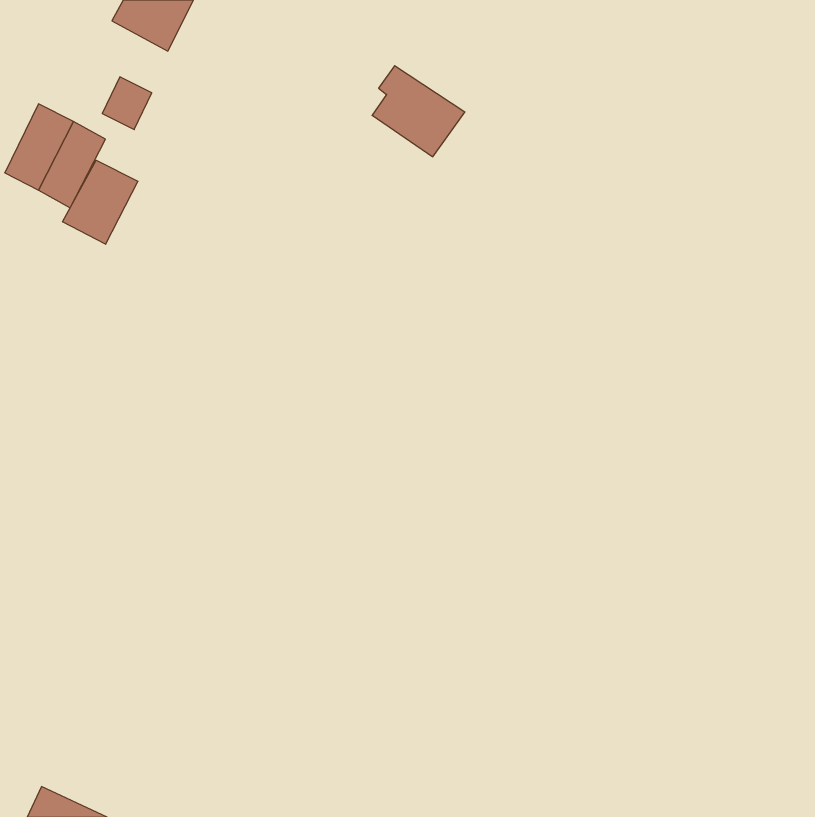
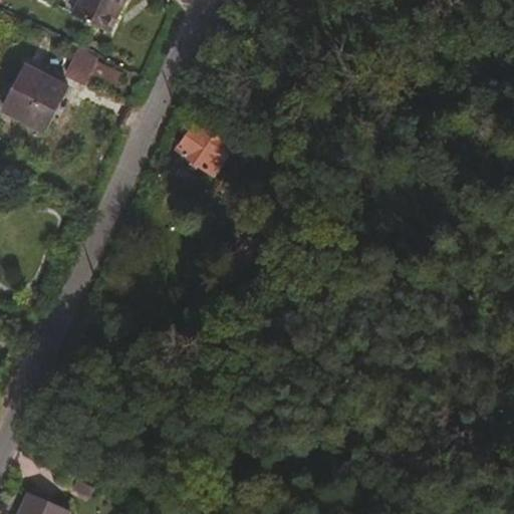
building: [372,66,465,157] -> [177,117,235,175]
building: [63,160,138,244] -> none

